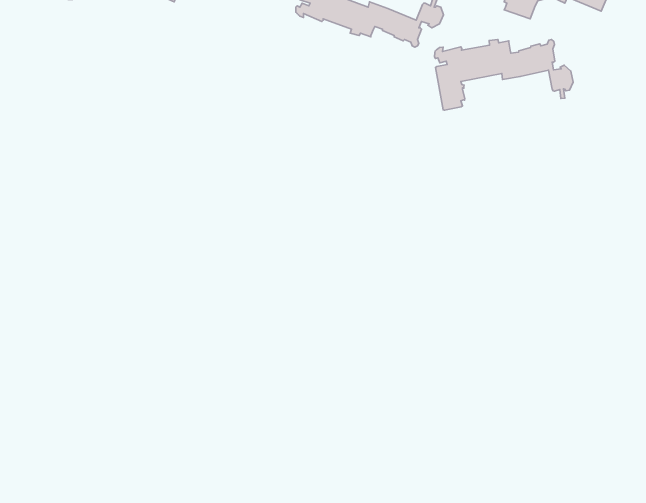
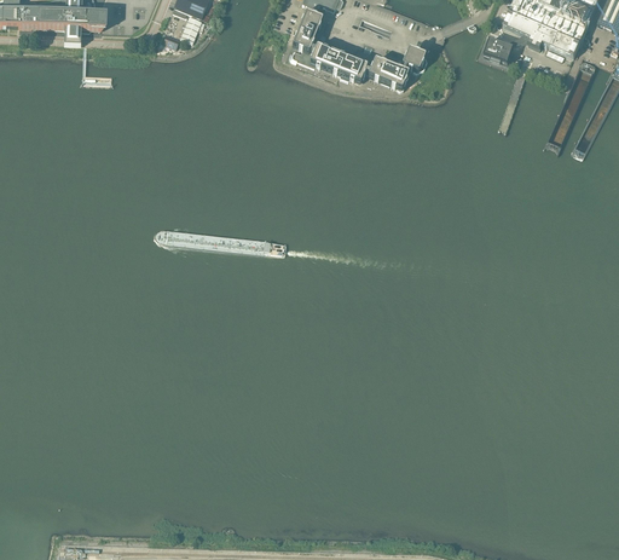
building: [434,39,573,110] -> none

